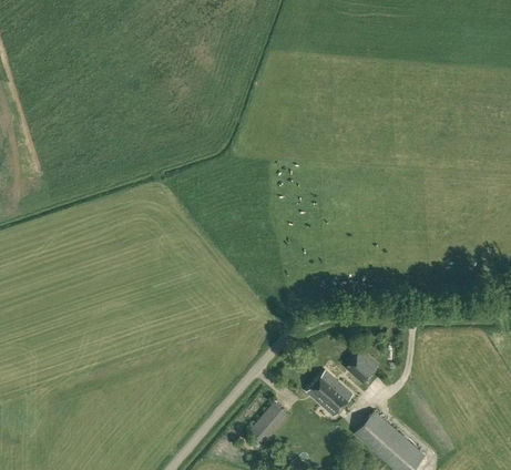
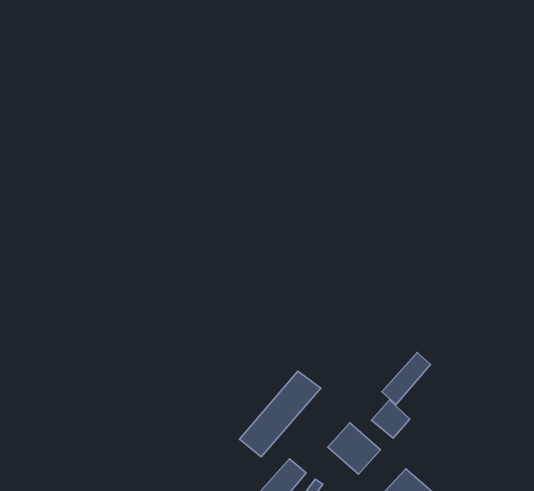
building: none -> [382,353,430,405]
building: none -> [240,371,321,457]

